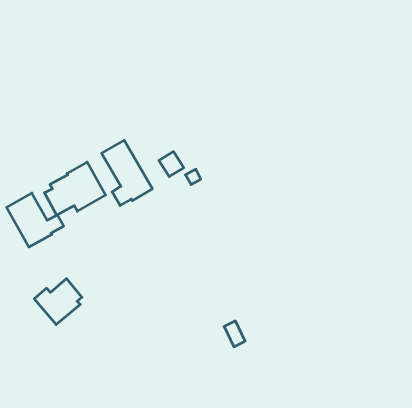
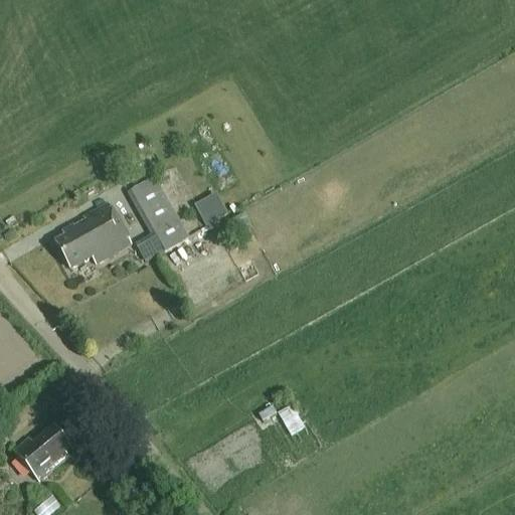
building: [7,193,64,247] -> none
building: [34,279,82,325] -> [13,424,72,482]

